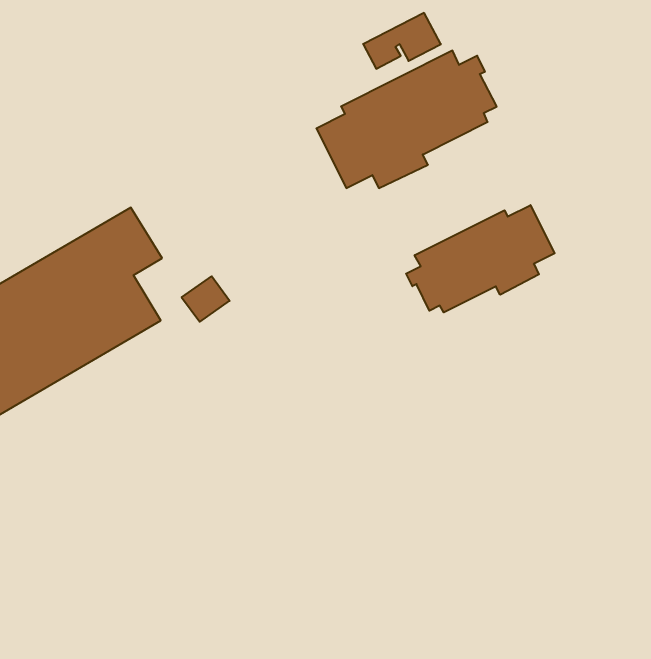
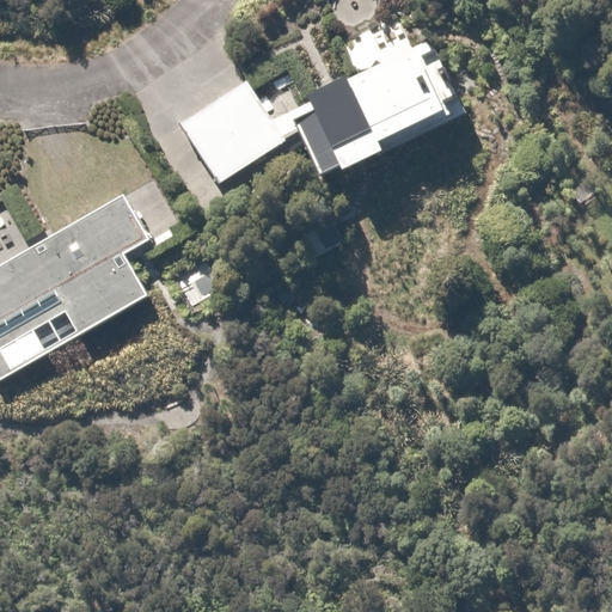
building: none -> [177,76,283,183]
building: [406,205,555,312] -> none

